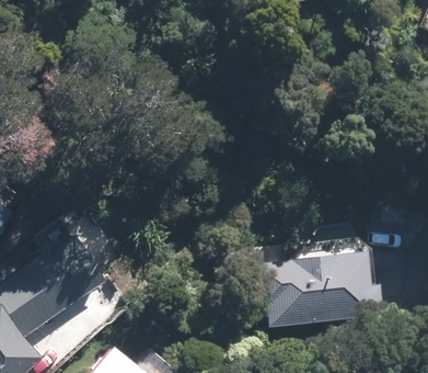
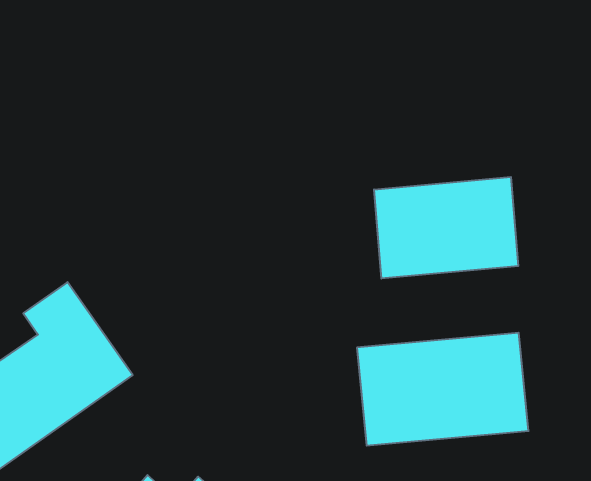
building: none -> [374,177,518,279]

